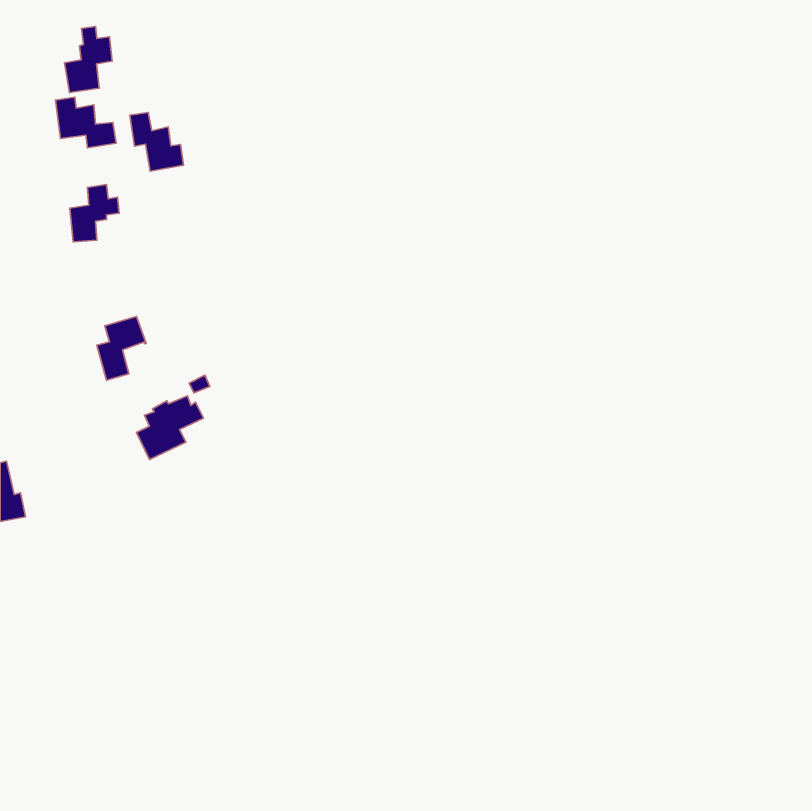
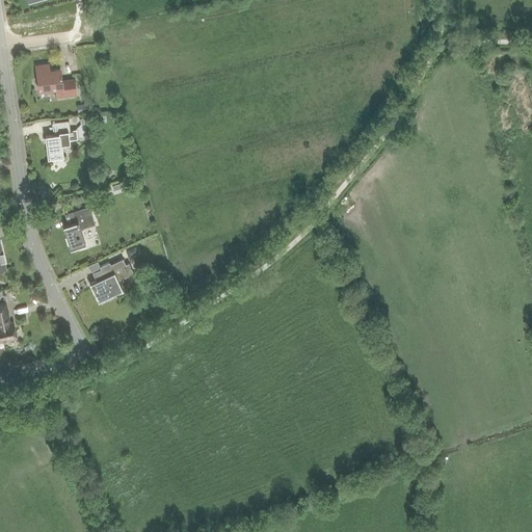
building: [64,26,112,93] -> none
building: [130,112,183,171] -> none

